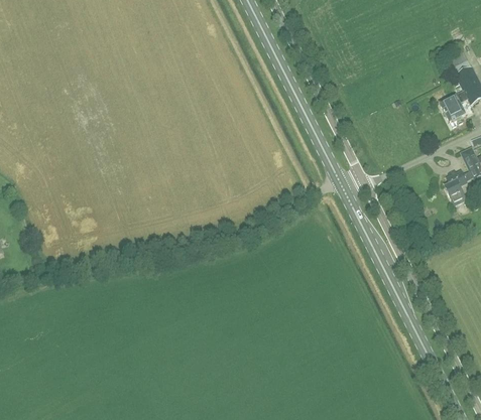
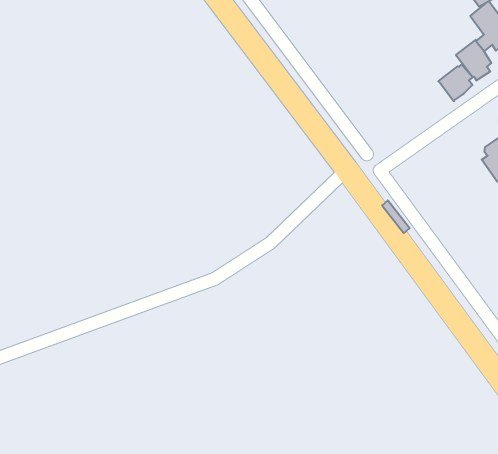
building: none -> [438,64,473,101]

